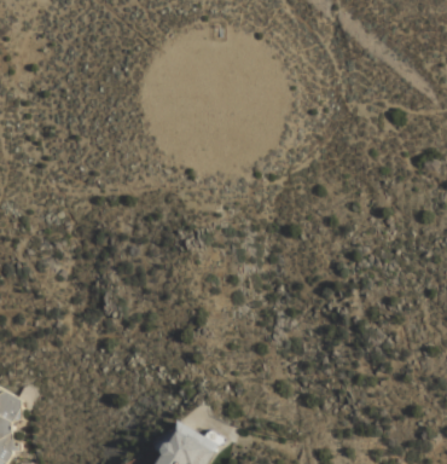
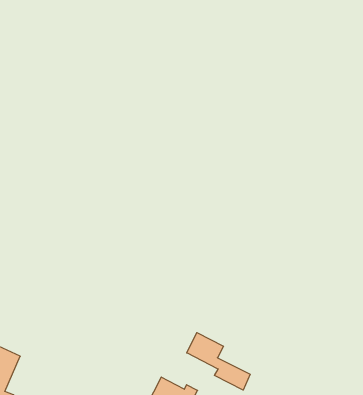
building: none -> [187,333,250,390]

